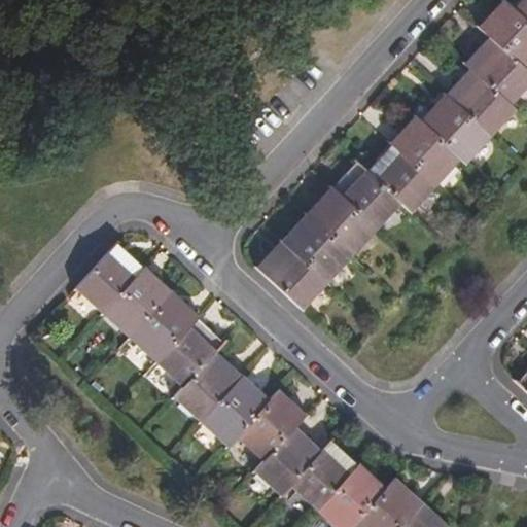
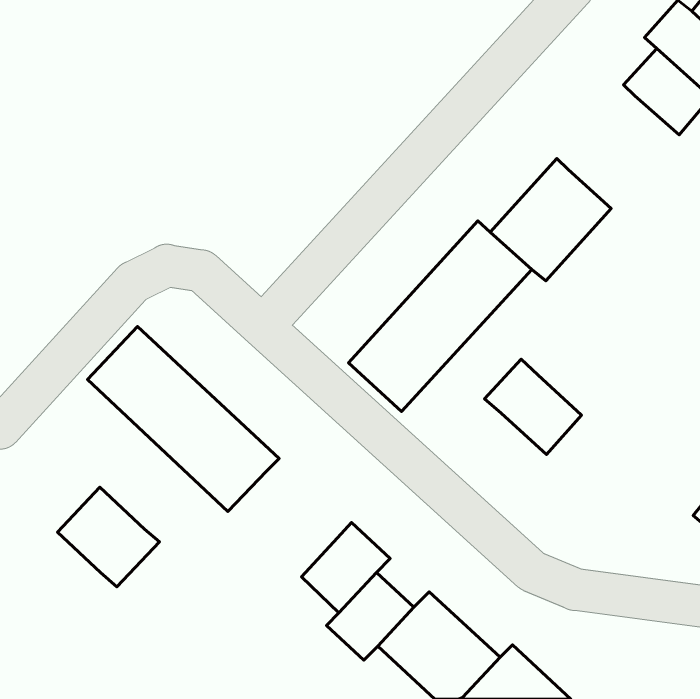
building: [428,71,518,161] -> none
building: none -> [485,359,581,455]
building: [168,349,257,437] -> none
building: none -> [57,487,159,587]

